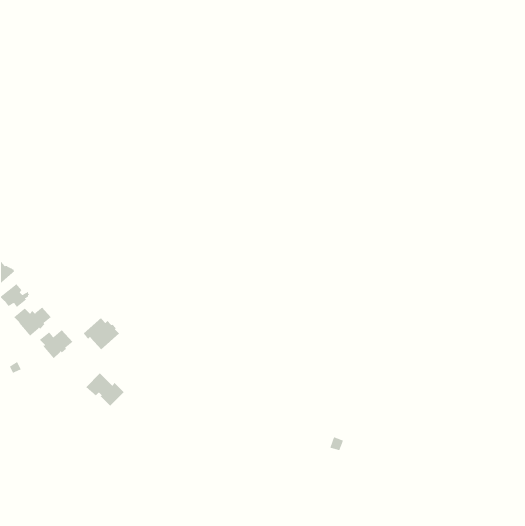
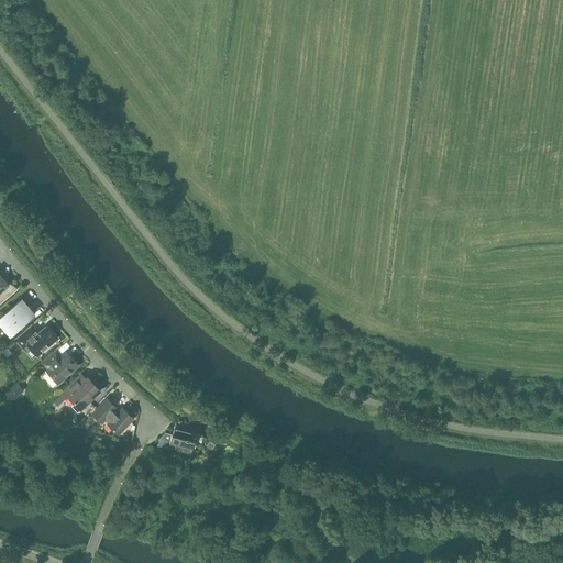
building: [83,317,120,350] -> [62,374,101,409]
building: none -> [168,424,195,454]

